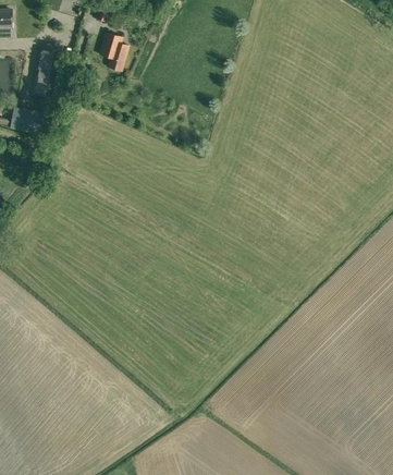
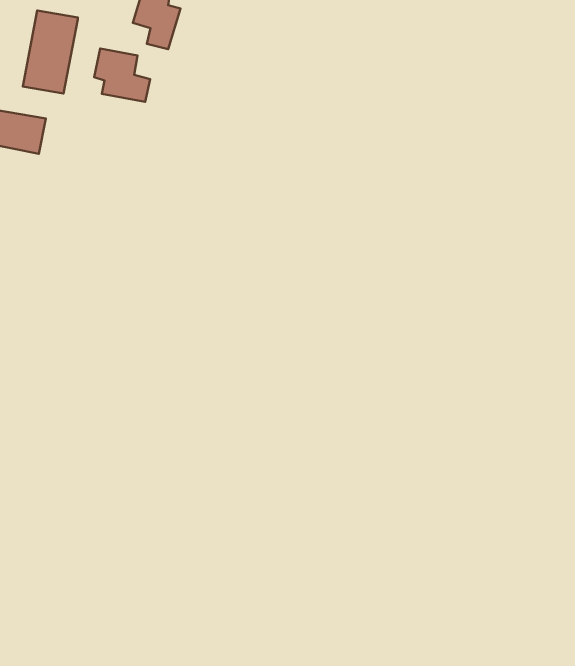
building: none -> [94,48,150,102]

